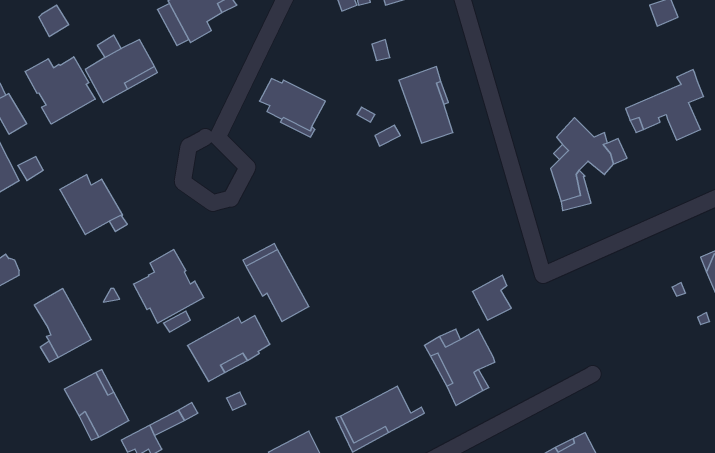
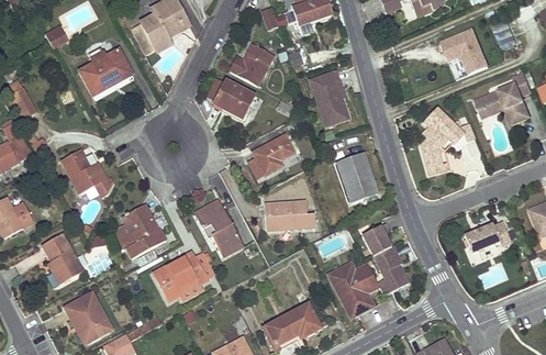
building: none -> [441,29,488,74]
building: none -> [230,44,274,86]
building: [25,57,95,124] -> none
building: none -> [248,135,294,179]
building: none -> [336,153,378,202]
building: none -> [264,200,315,229]
building: none -> [464,221,511,254]
building: none -> [374,246,409,296]

